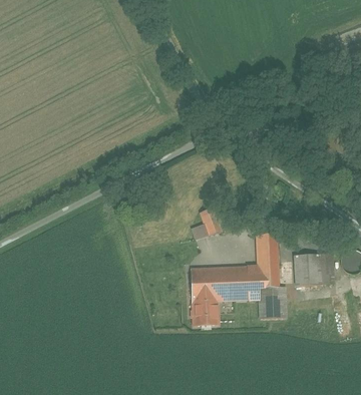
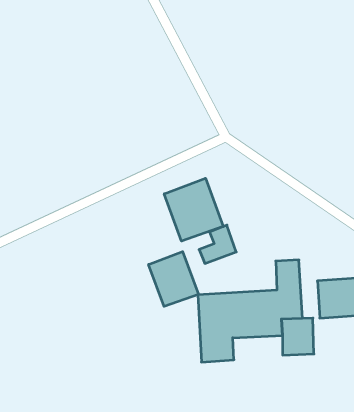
building: none -> [164,178,223,241]
building: none -> [149,252,198,306]

